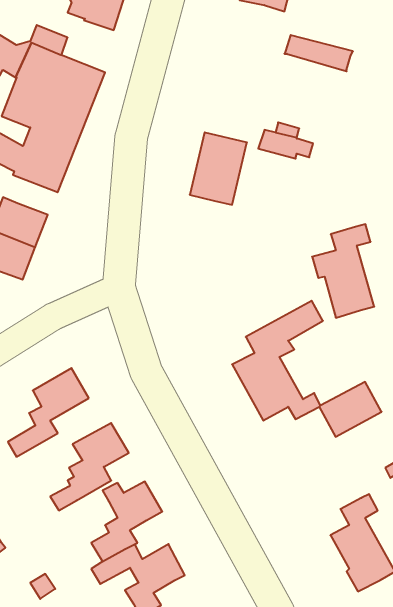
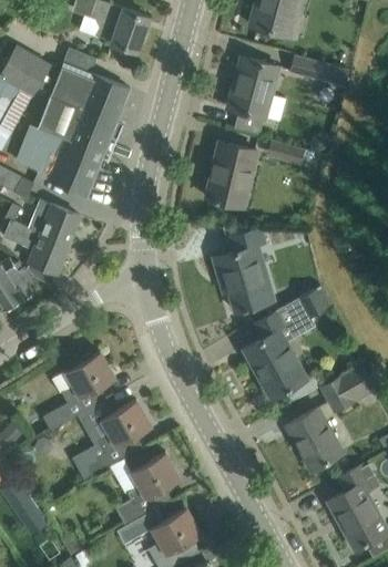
building: none -> [227,58,278,118]
building: [312,224,374,318] -> [213,229,268,312]
building: none -> [286,409,343,471]

